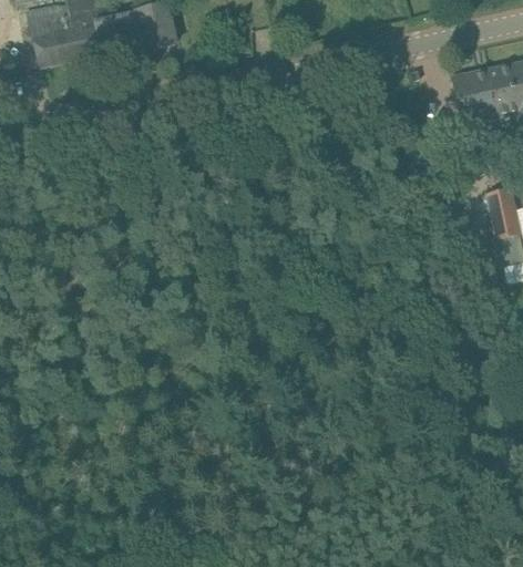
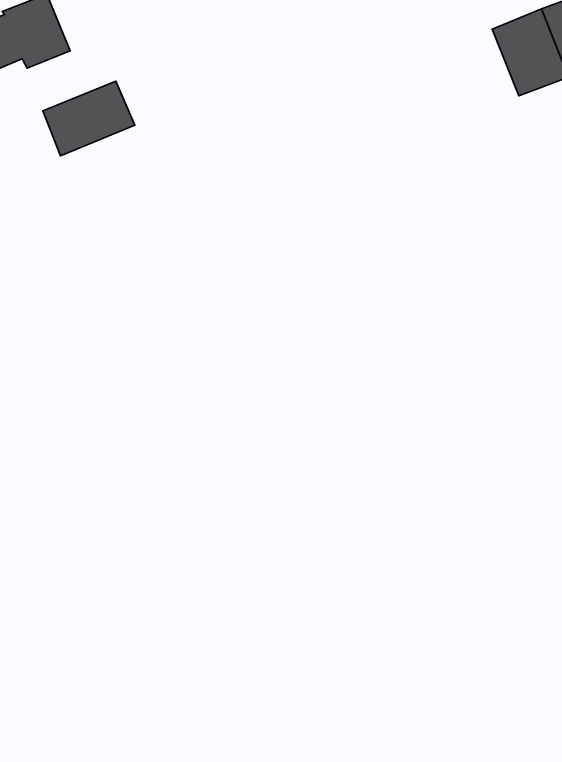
building: none -> [43,81,135,156]

